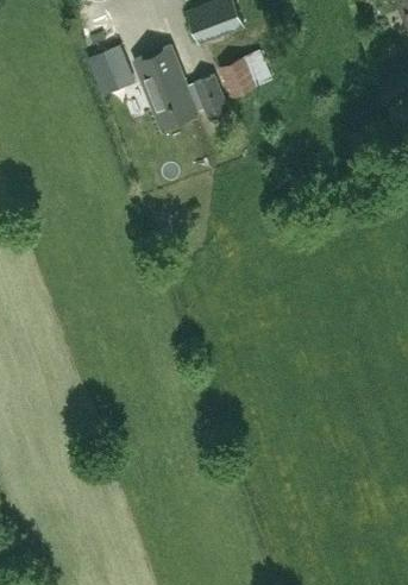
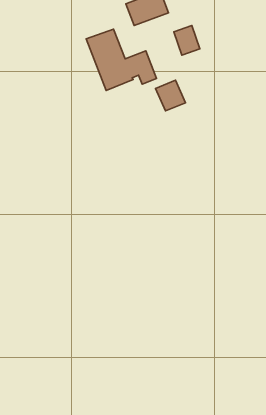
building: [87,45,132,94] -> none
building: [215,57,255,98] -> [156,80,185,111]

